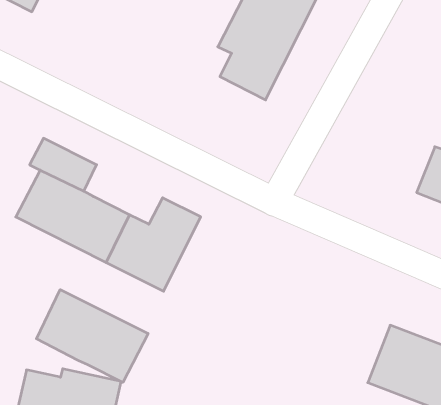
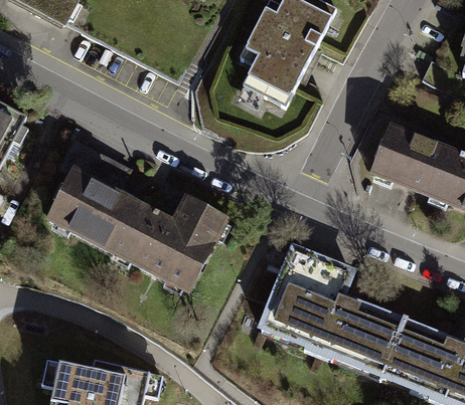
building: none -> [369,127,445,193]
building: none -> [263,248,403,373]
building: [36,290,148,382] -> none

